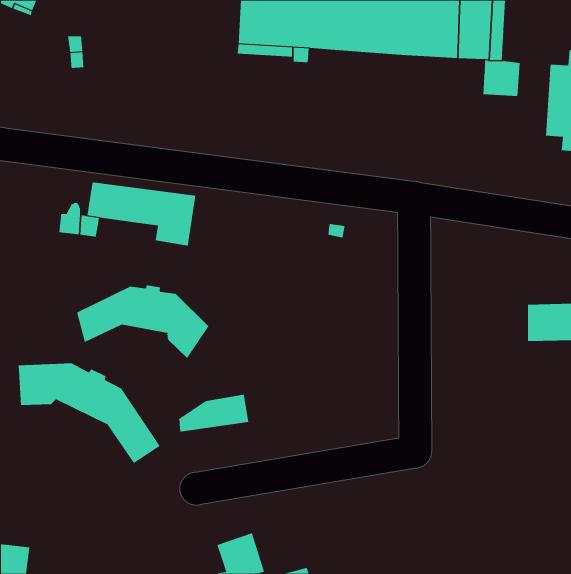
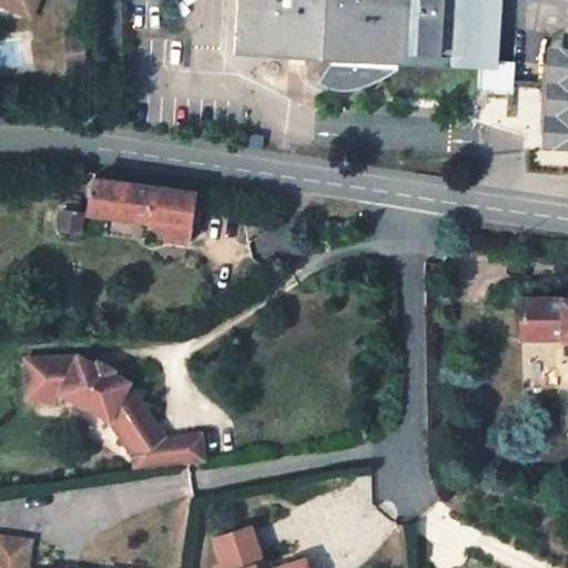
building: none -> [323,50,398,85]
building: [76,284,209,359] -> none
building: [178,394,249,432] -> [134,434,204,471]

